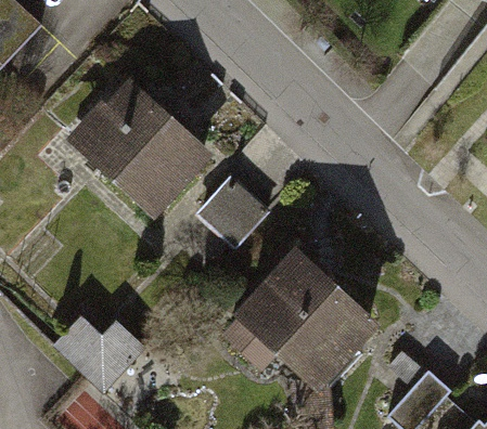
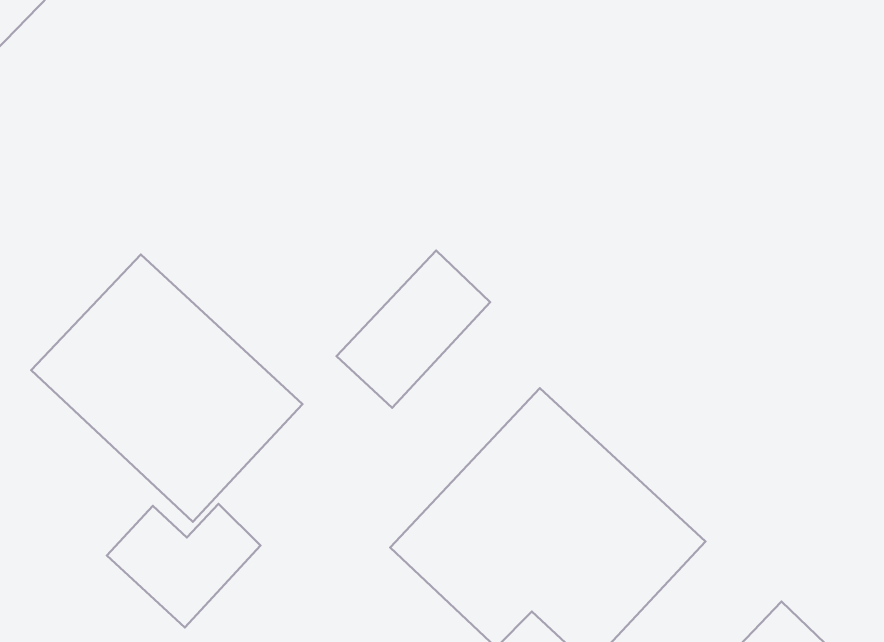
building: [67,74,215,219] -> [31,254,303,522]

